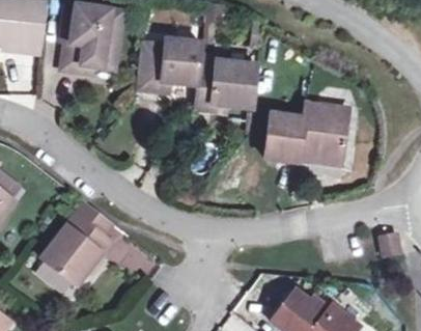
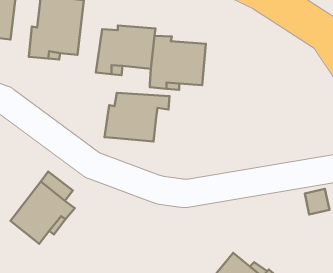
building: [269,102,345,163] -> none
building: none -> [104,93,170,141]

